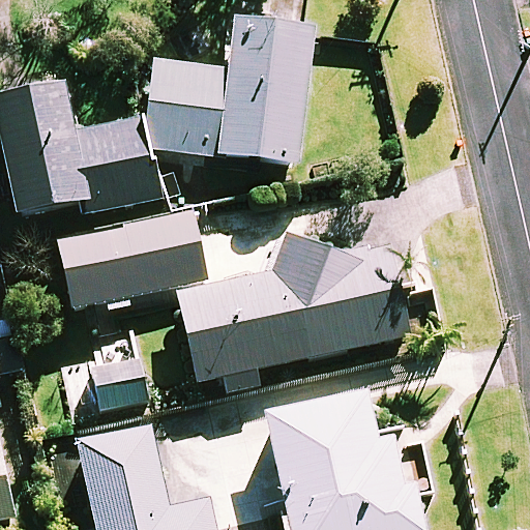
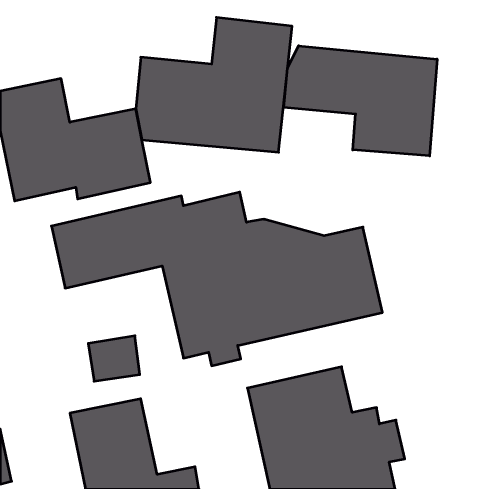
building: none -> [284,46,437,156]

